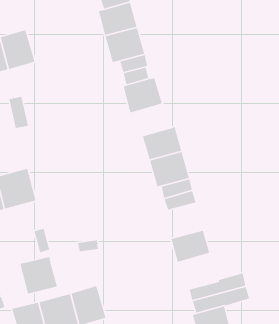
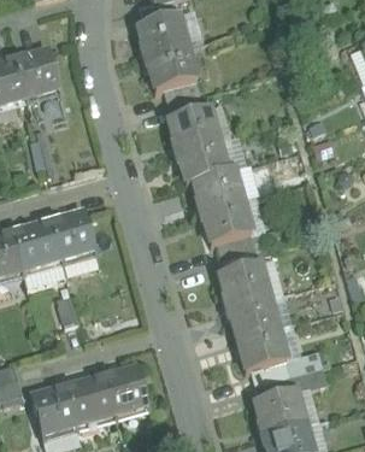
building: none -> [178,141,228,183]
building: none -> [52,211,96,262]
building: none -> [220,264,270,309]
building: none -> [237,327,288,372]
building: [19,256,58,294] -> none

